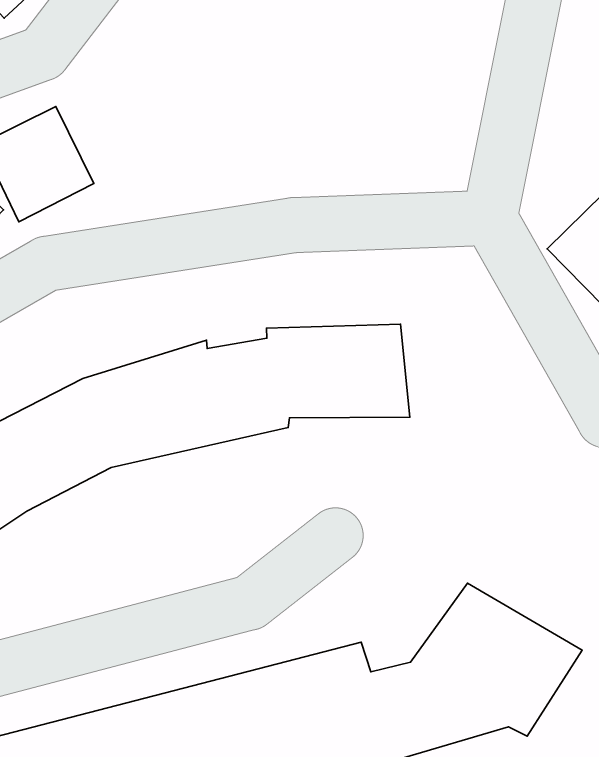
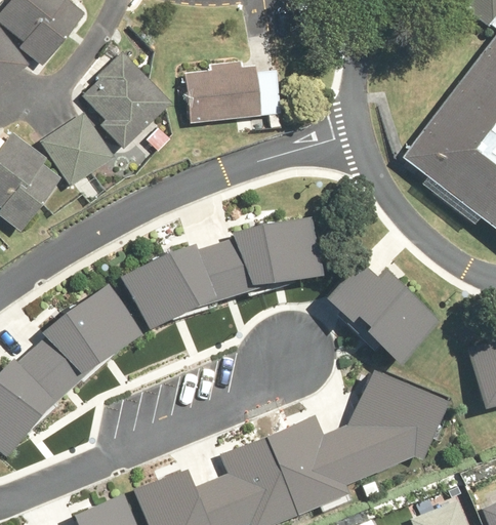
building: none -> [83,53,172,148]
building: none -> [187,65,261,124]
building: none -> [328,260,441,362]

